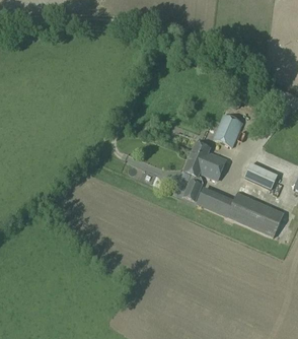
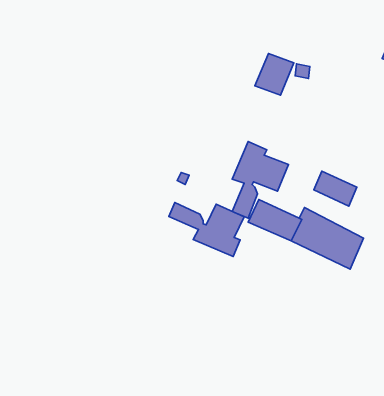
building: [213,115,242,146] -> [255,53,294,95]
building: none -> [169,203,244,256]

